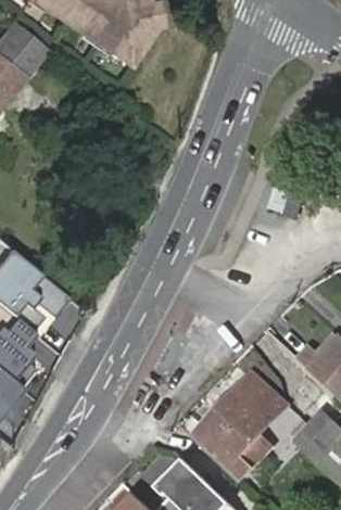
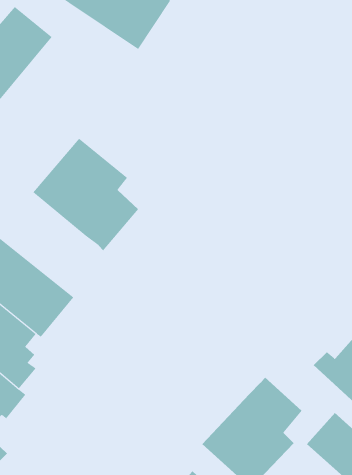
building: none -> [33,138,139,251]

